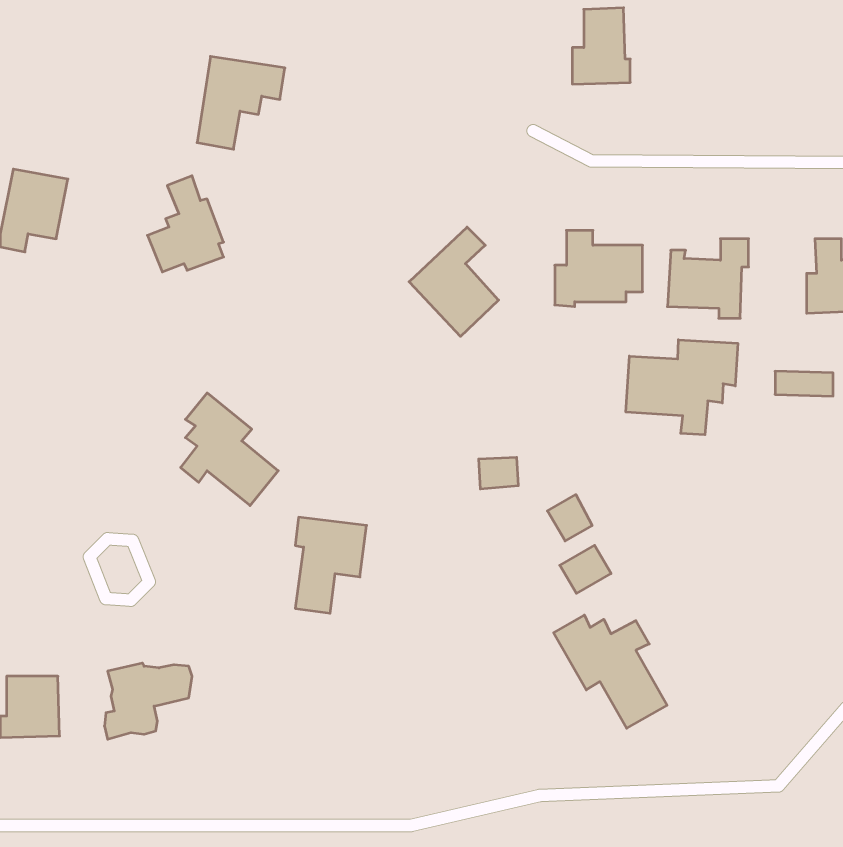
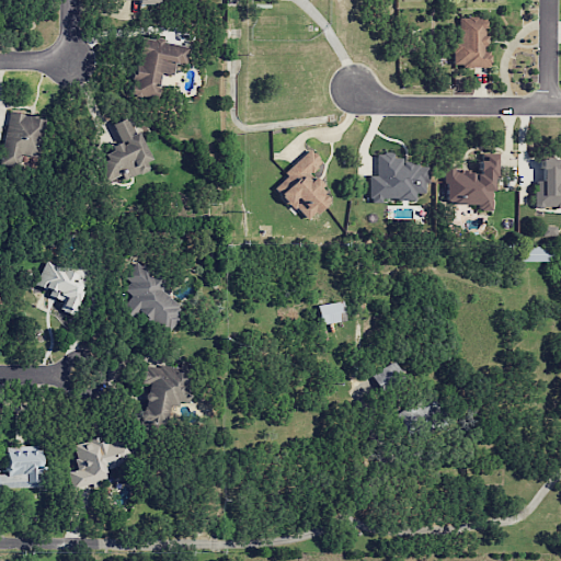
building: [572,8,630,84] -> [453,16,491,67]
building: [626,340,738,435] -> none
building: none -> [36,262,89,316]
building: [547,495,592,541] -> none
building: [295,517,367,613] -> [142,365,190,428]
building: [554,615,667,728] -> none

